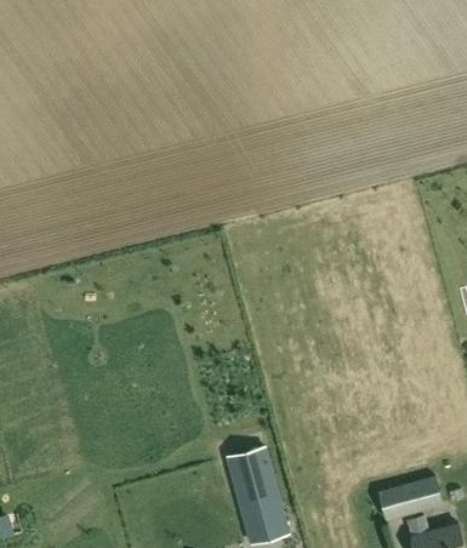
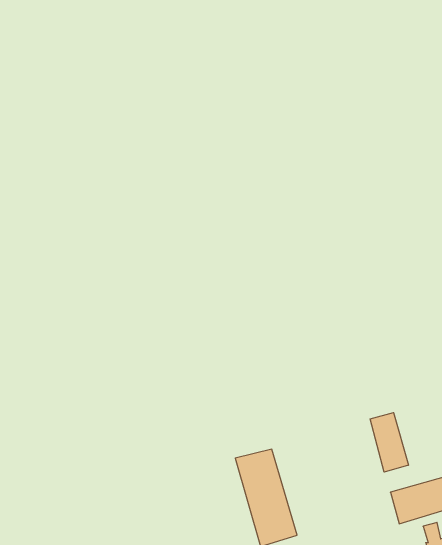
building: none -> [370,413,408,472]

